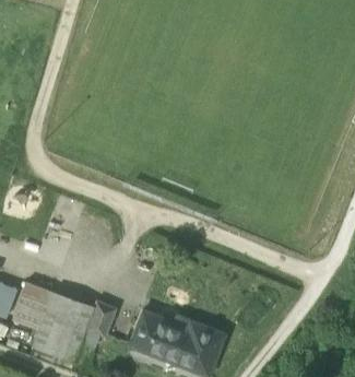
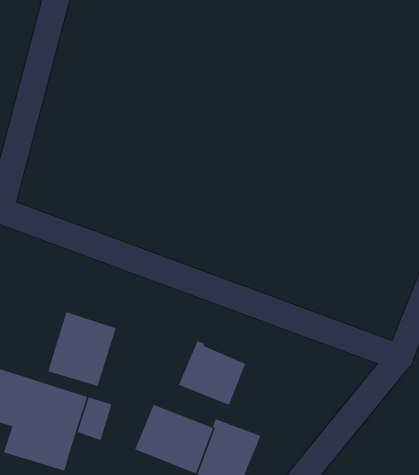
building: none -> [47,311,116,387]
building: none -> [178,340,246,406]

